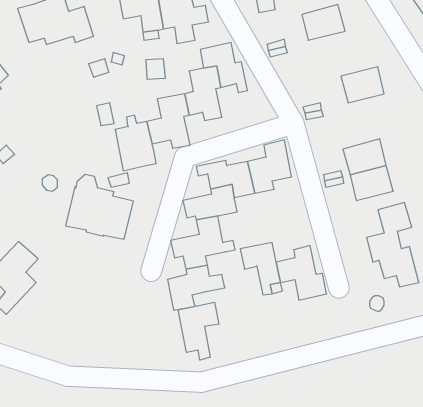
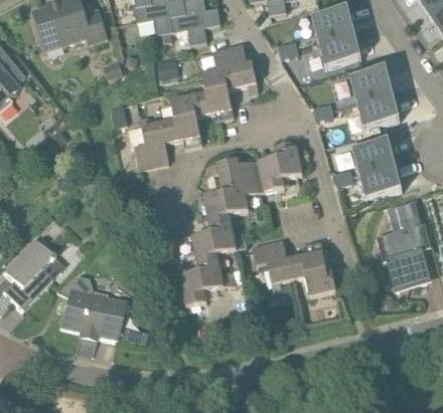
building: none -> [319,33,361,67]
building: none -> [357,93,400,129]
building: [66,174,133,239] -> [59,276,126,340]
building: [178,302,219,360] -> none

